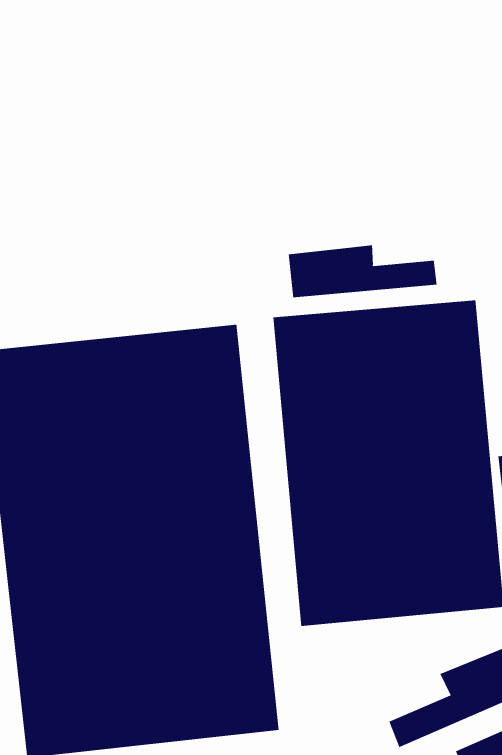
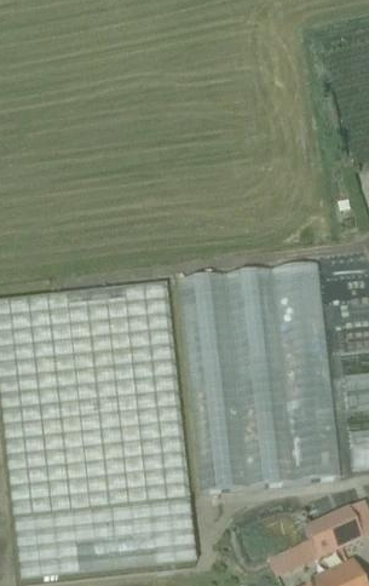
building: [288,244,437,298] -> none

